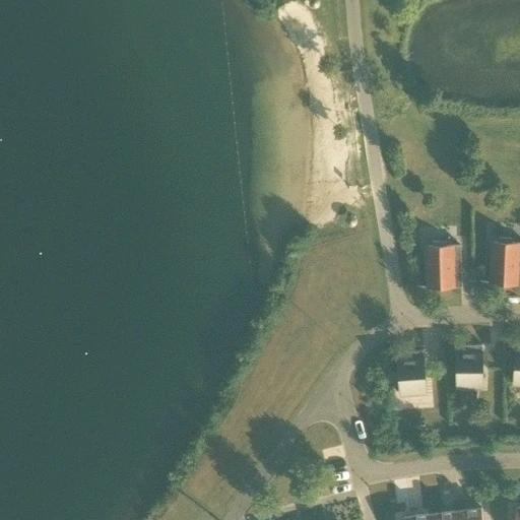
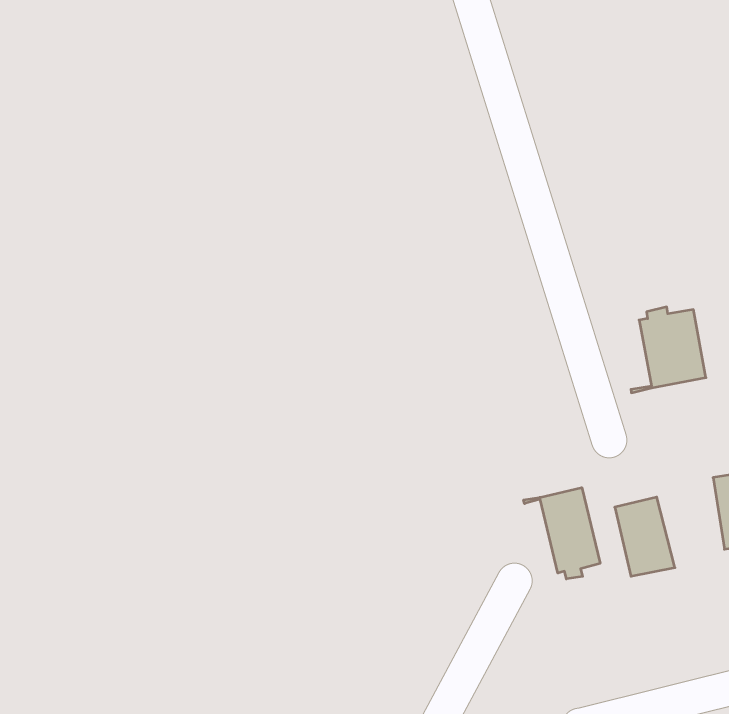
building: none -> [524,488,600,579]

